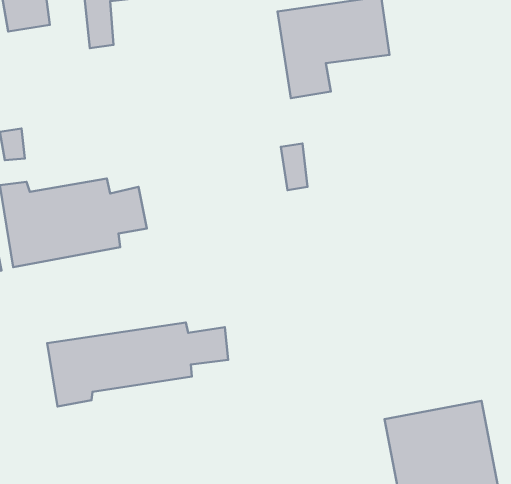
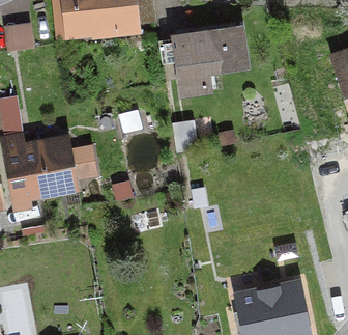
building: [47,323,228,407] -> none

